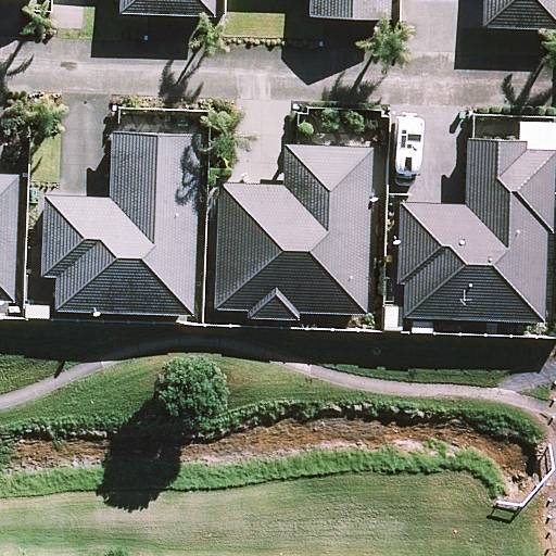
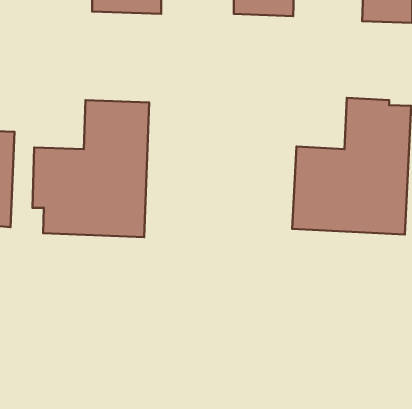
building: [216,146,372,319] -> none

